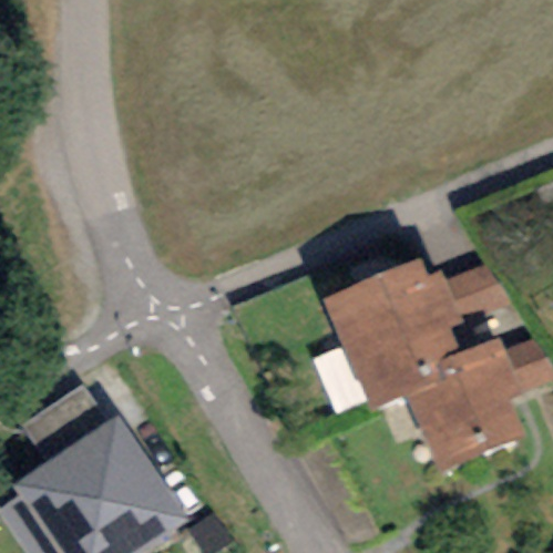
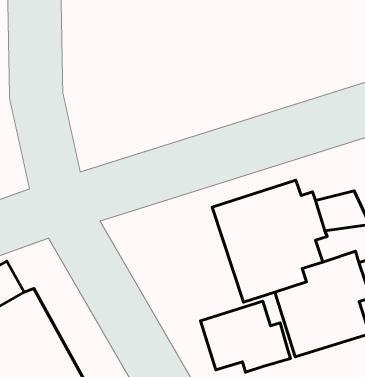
building: none -> [200,301,291,372]

